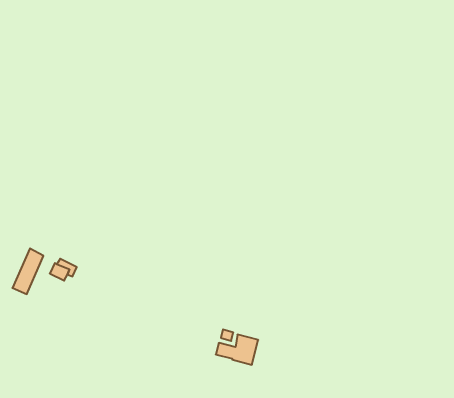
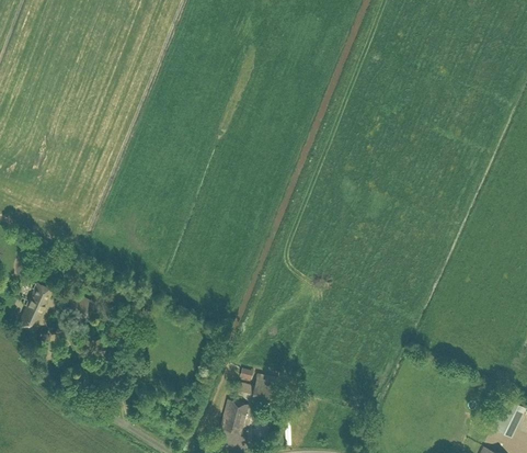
building: none -> [220,399,249,434]

